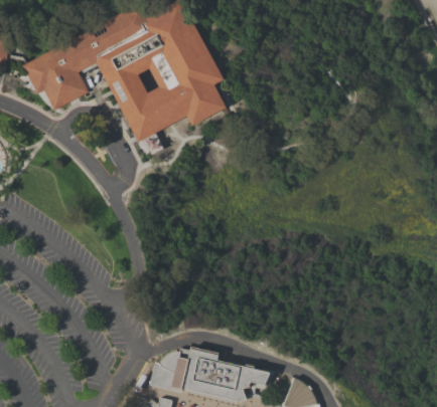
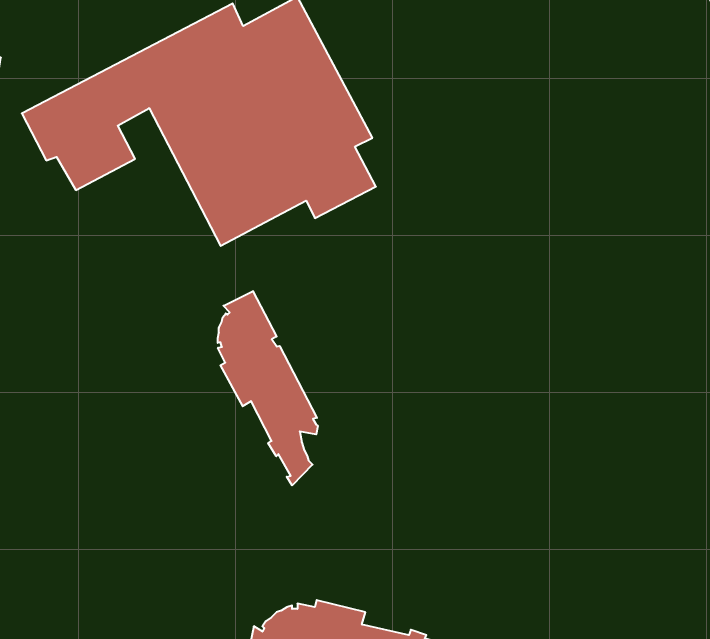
building: none -> [218,291,318,485]

